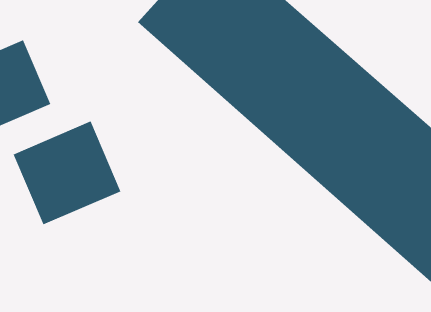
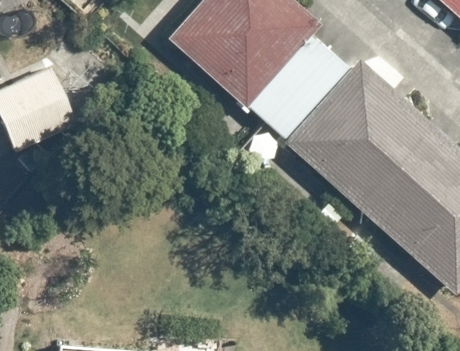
building: [13,121,121,225] -> none

